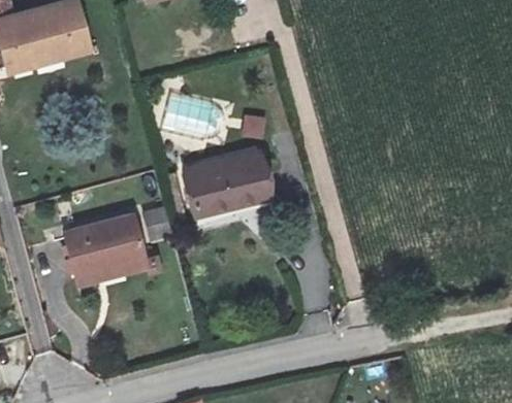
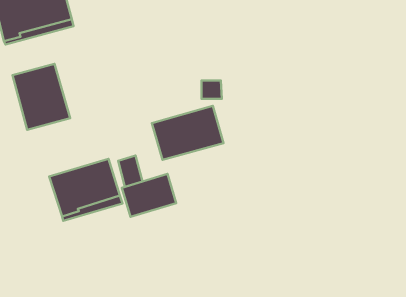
building: none -> [13,64,70,130]
building: none -> [122,174,176,217]

